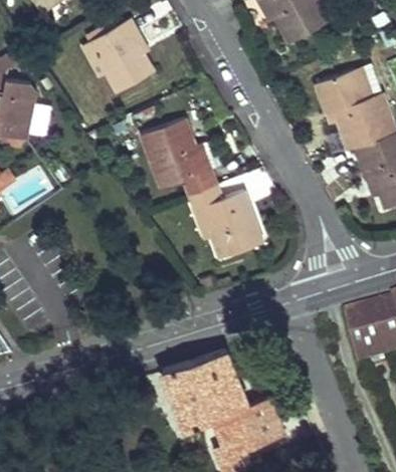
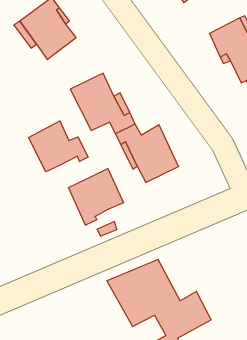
building: none -> [29,121,88,172]
building: none -> [68,168,123,225]

